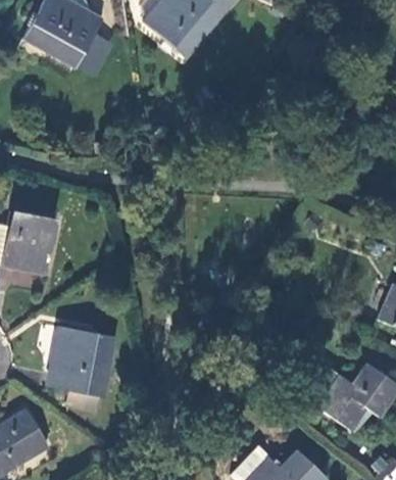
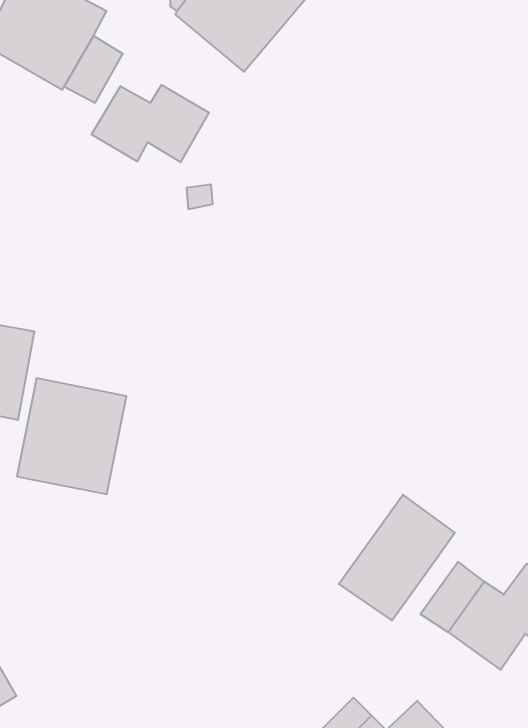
building: none -> [91,85,209,162]
building: none -> [339,495,455,621]
building: [46,325,114,397] -> [17,378,126,494]

